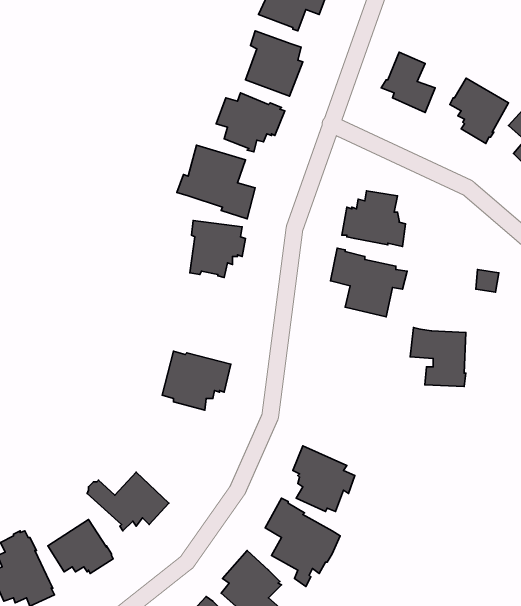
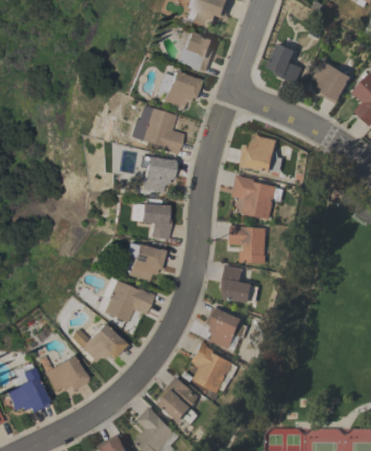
building: none -> [129,202,169,239]
building: [410,328,466,386] -> [229,224,266,263]
building: none -> [222,264,260,302]
building: none -> [94,277,153,323]

